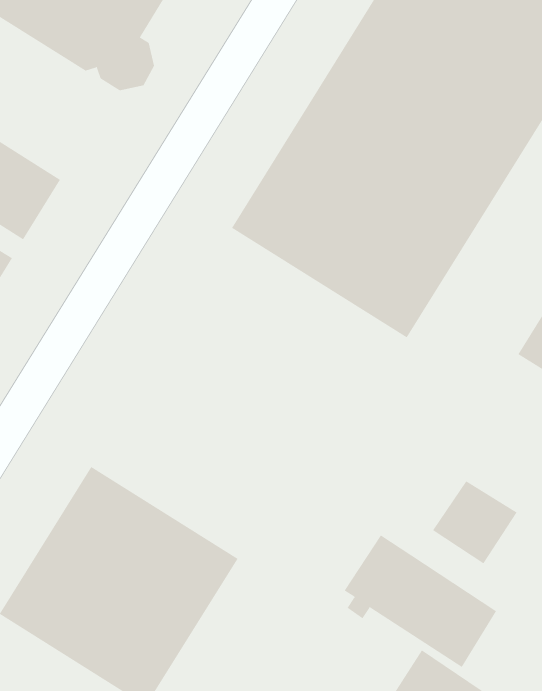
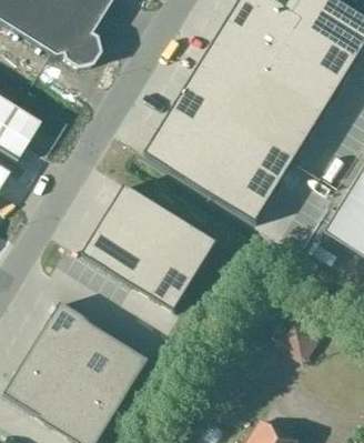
building: none -> [83,183,216,309]
building: [344,535,497,668] -> none

